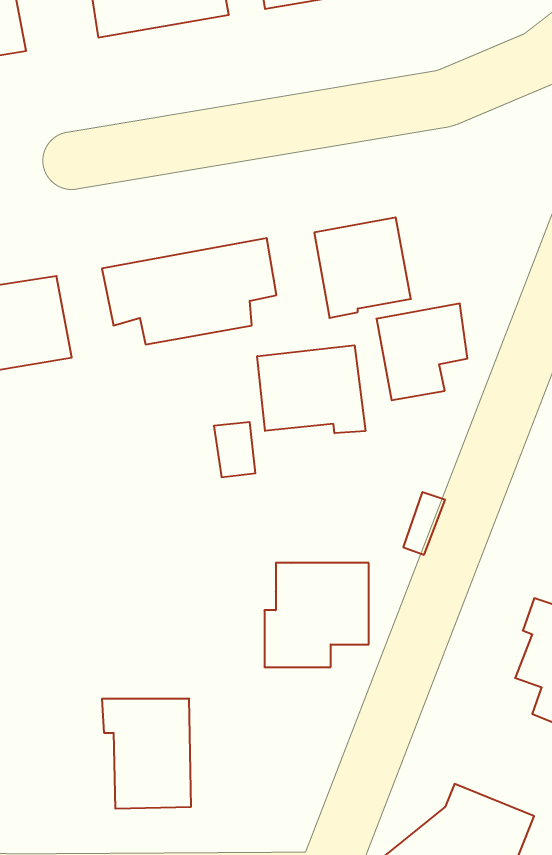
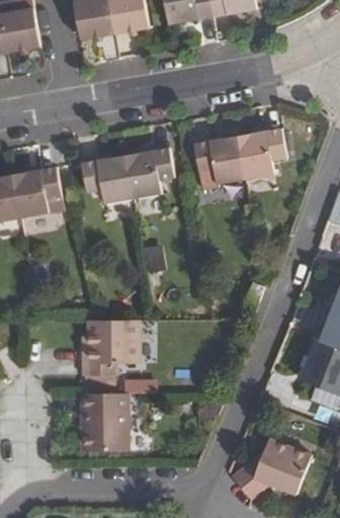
building: [376,304,467,400] -> [238,127,286,179]
building: [257,345,365,433] -> none
building: [264,563,369,667] -> [82,320,138,375]

